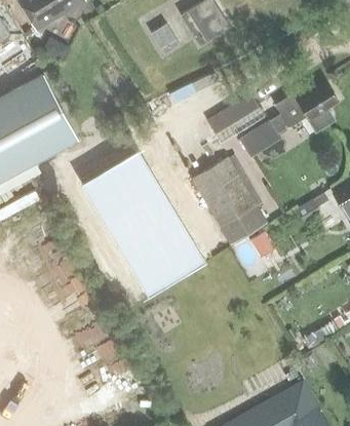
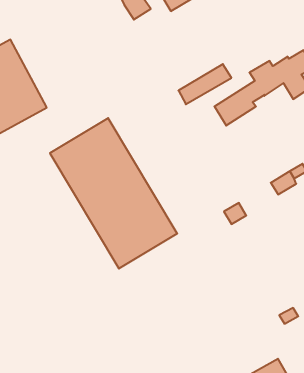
building: [192,158,265,243] -> none

